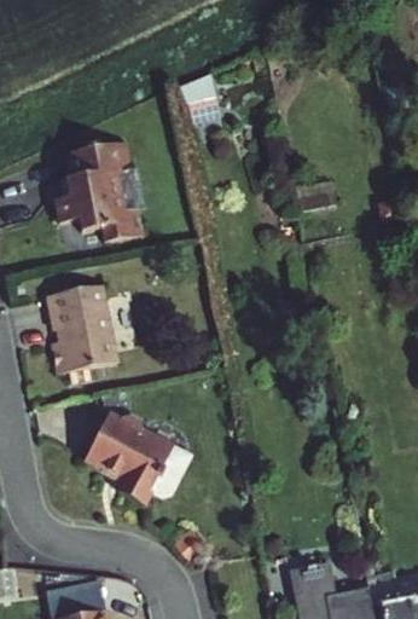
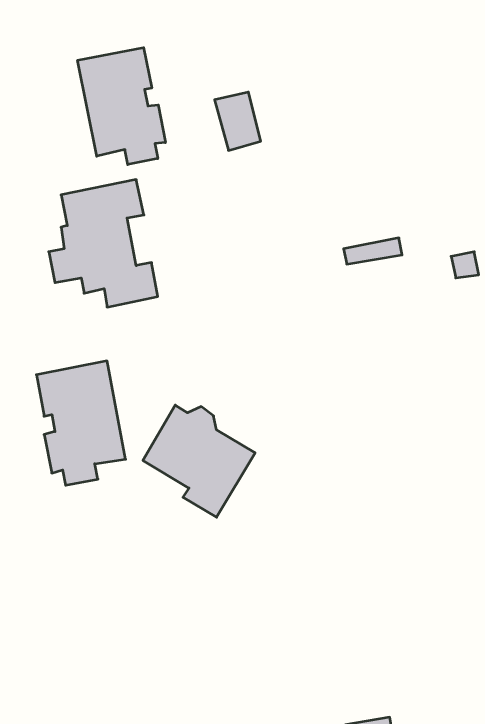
building: none -> [78,48,165,165]
building: [91,411,179,499] -> [143,405,255,517]

